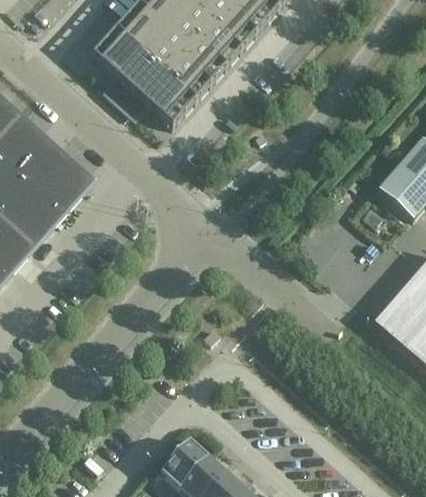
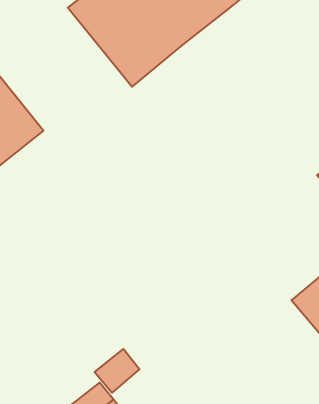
building: none -> [95,349,140,393]

